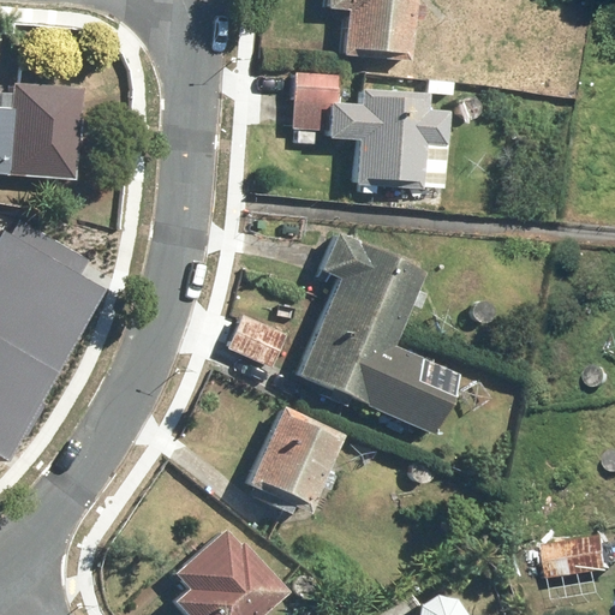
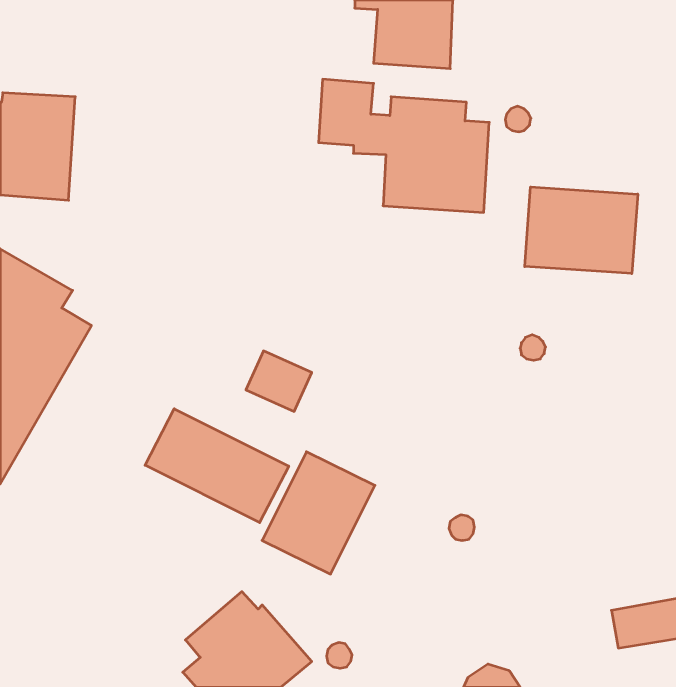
building: none -> [525,187,638,274]
building: [295,231,450,430] -> none
building: none -> [145,409,289,523]

